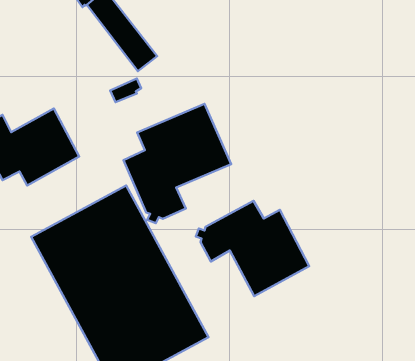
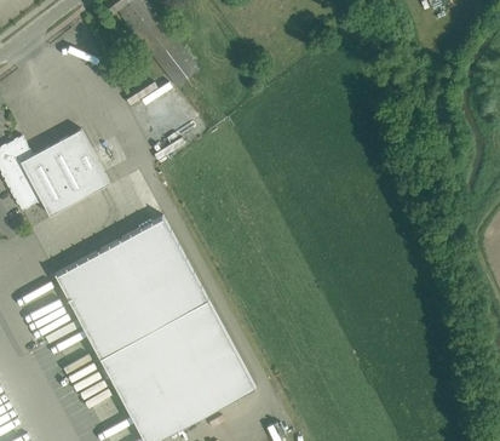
building: [124,104,231,223] -> none
building: [196,201,309,296] -> none

